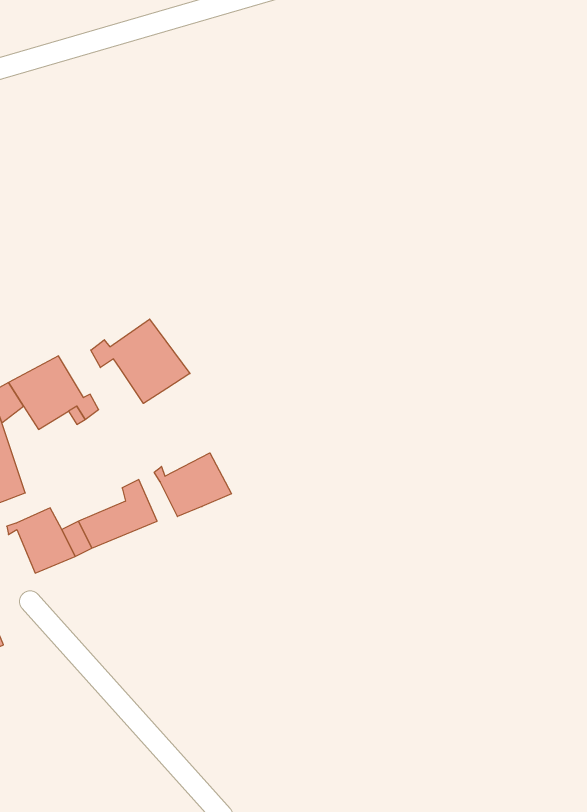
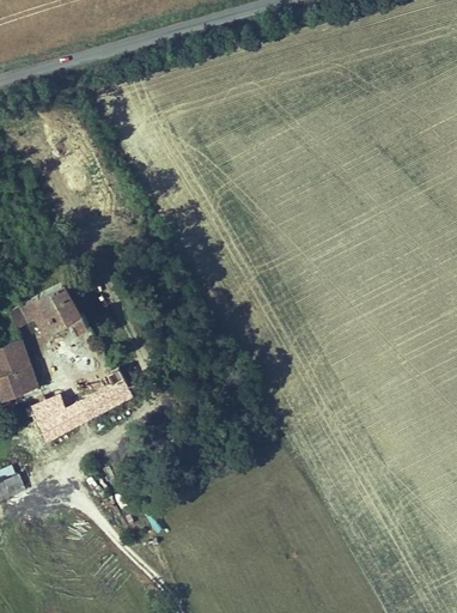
building: [91,319,190,403] -> none
building: [154,453,231,517] -> none

